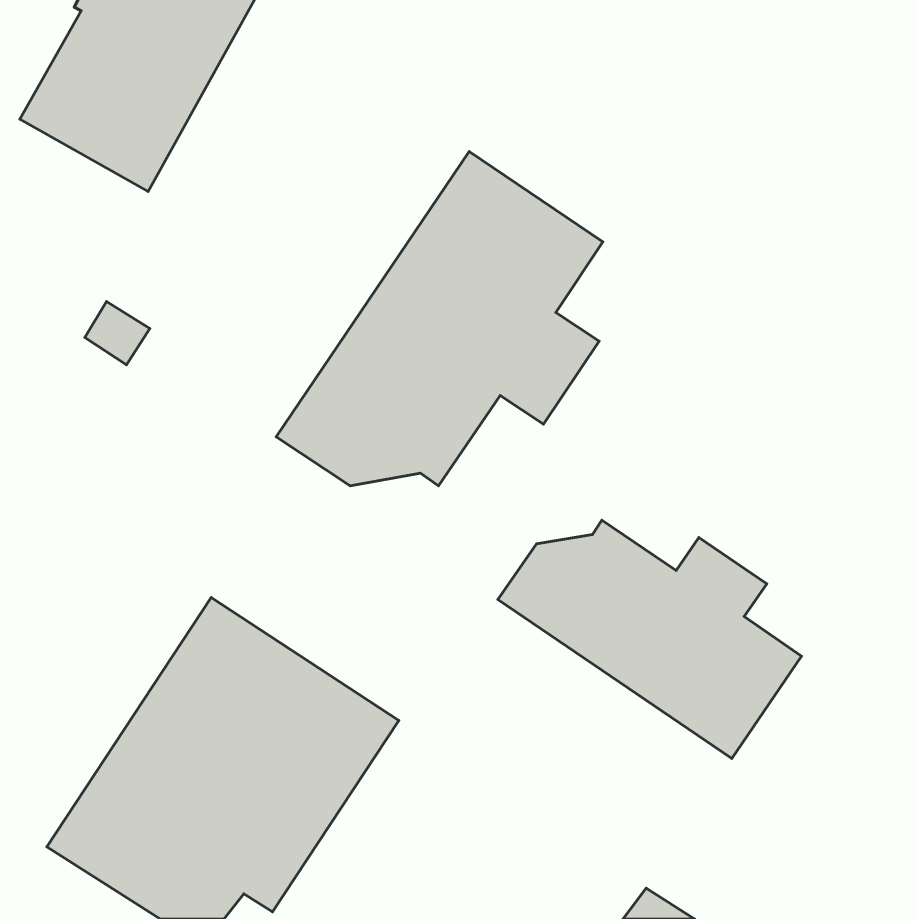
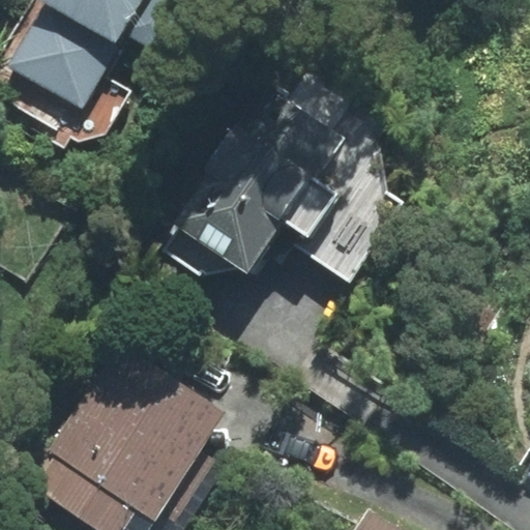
building: [498,520,801,758] -> none

